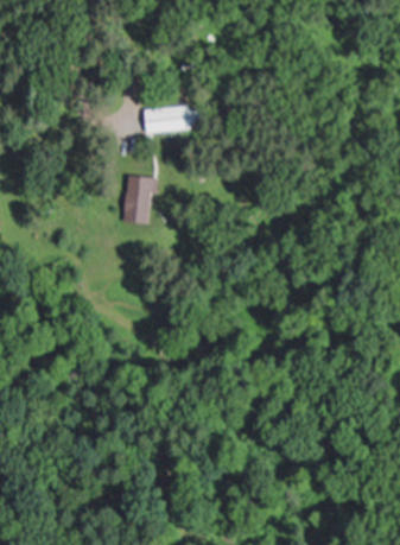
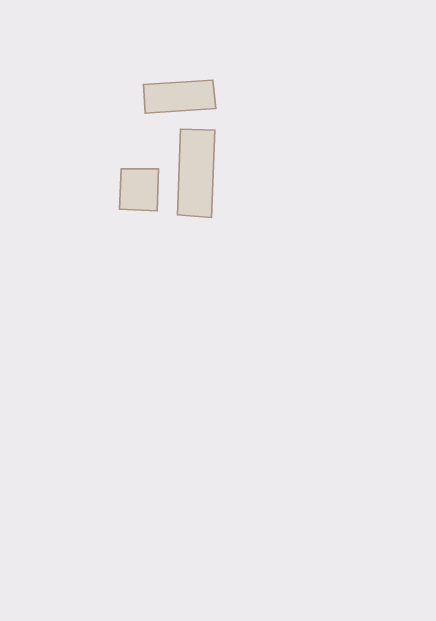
building: none -> [177,129,215,217]

